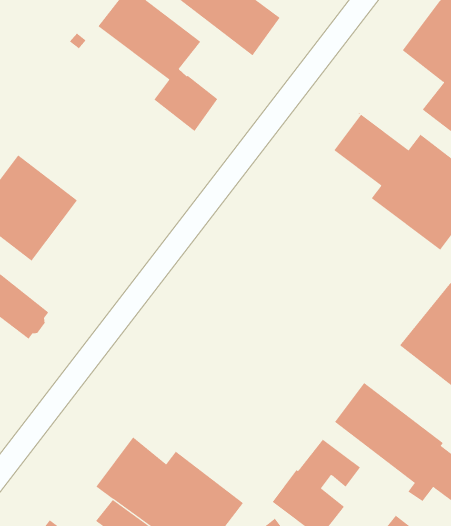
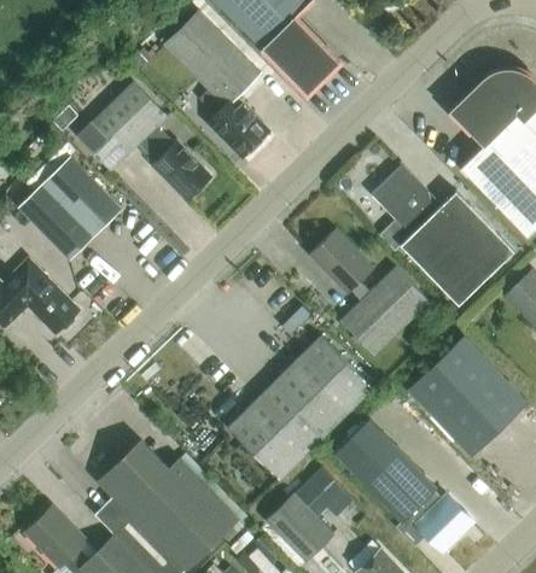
building: none -> [77,82,210,199]
building: none -> [309,228,429,355]
building: none -> [228,335,372,479]

